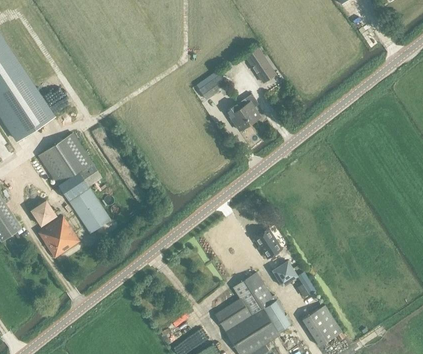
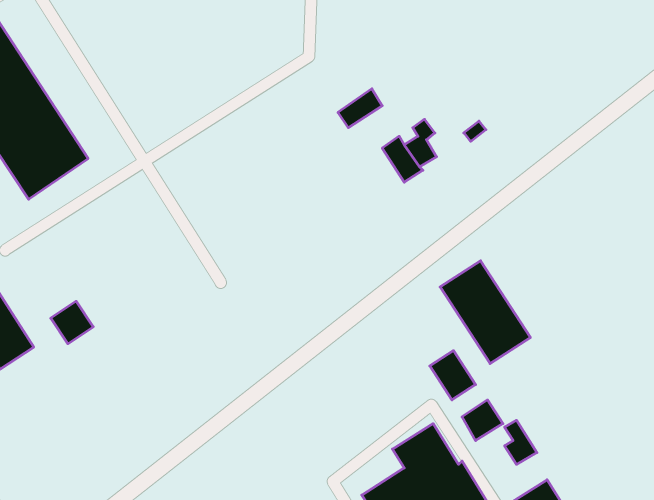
building: [245,48,275,83] -> none
building: [39,134,110,234] -> none
building: none -> [440,261,530,364]
building: [38,217,79,257] -> none

